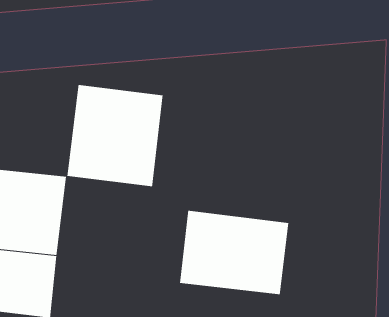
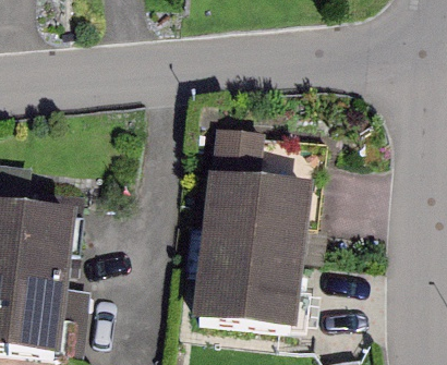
building: [67,84,163,187] -> none
building: none -> [201,167,314,254]

